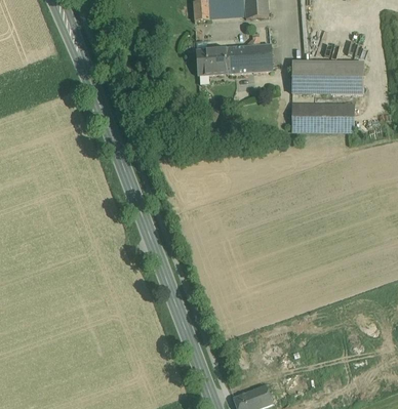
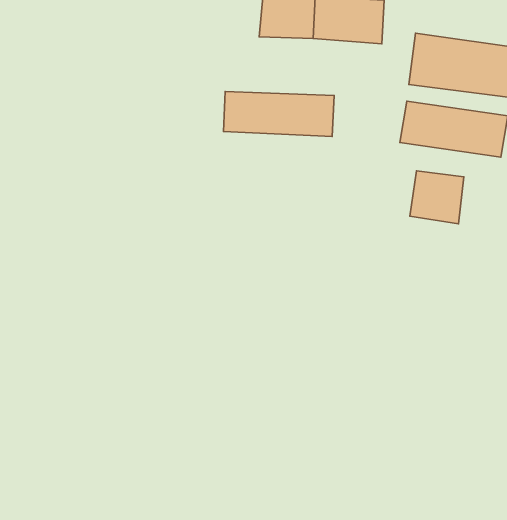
building: none -> [223,92,334,137]
building: none -> [410,171,464,224]

